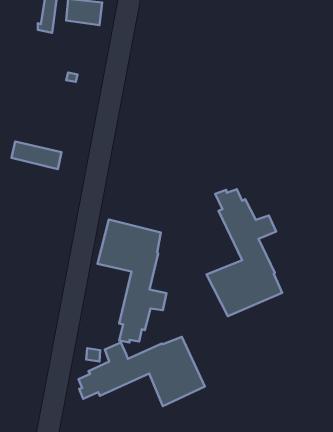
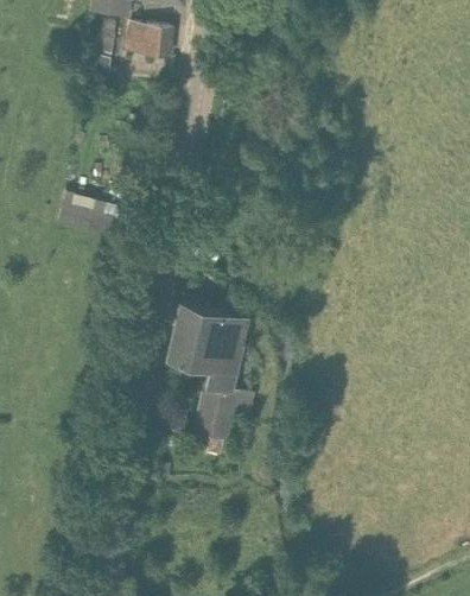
building: [206,189,282,316] -> none
building: [78,337,205,406] -> none

